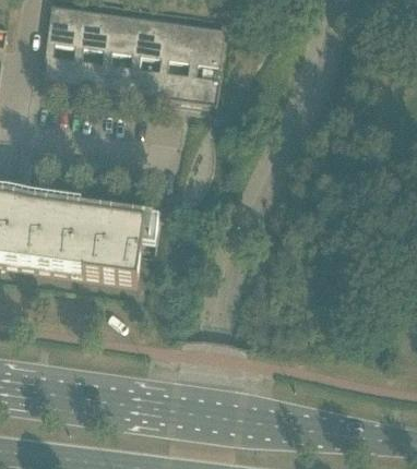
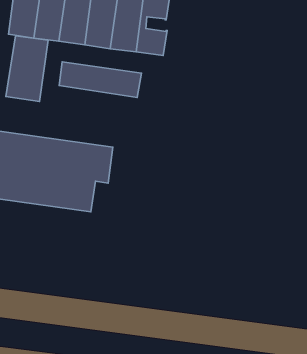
building: none -> [6,36,48,101]
building: none -> [59,62,142,98]

